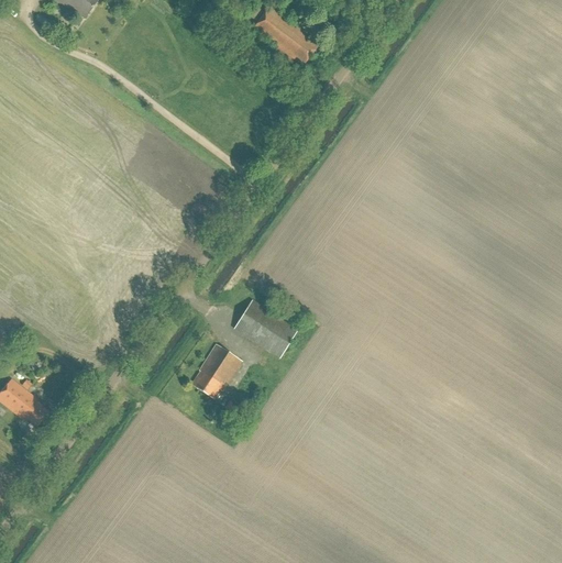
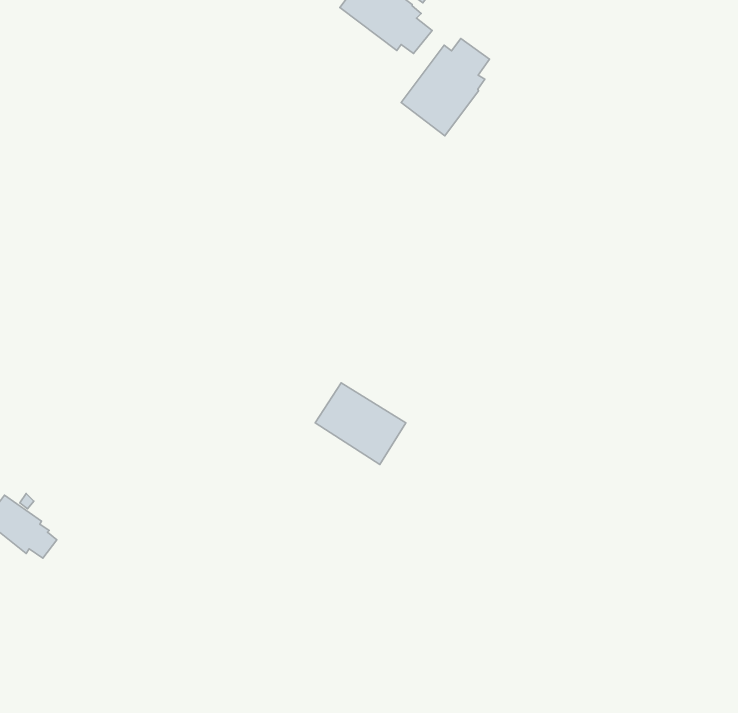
building: none -> [401,39,489,136]
building: [191,344,241,398] -> none

